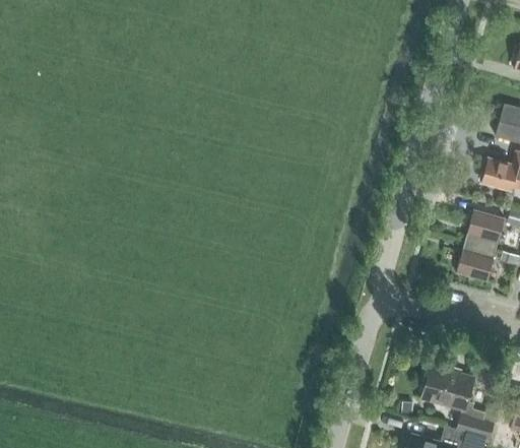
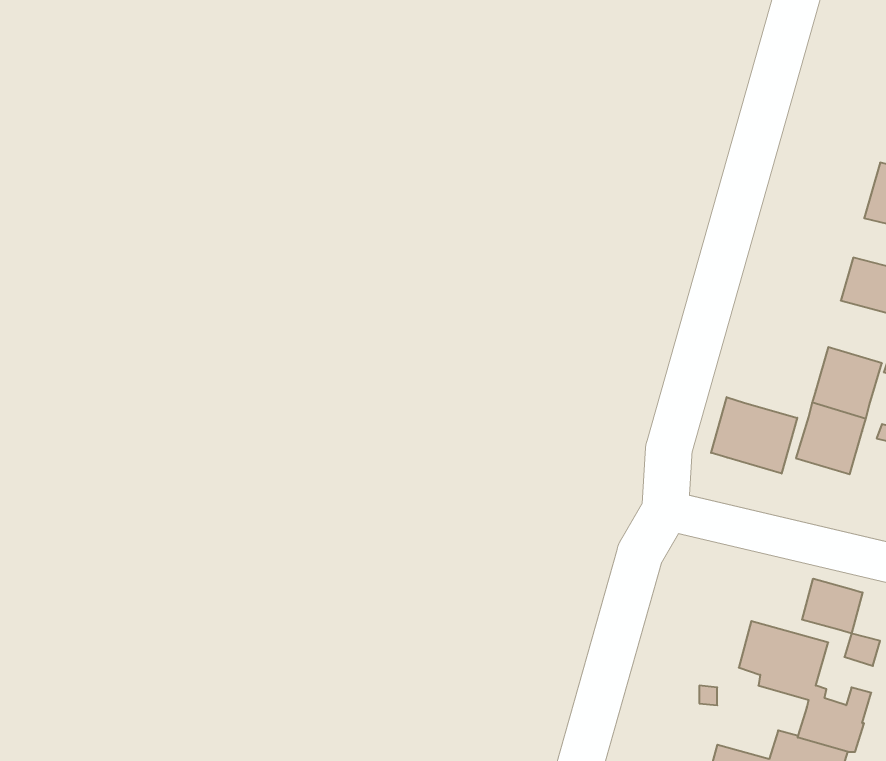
building: none -> [711,397,797,474]
building: none -> [802,579,863,634]

